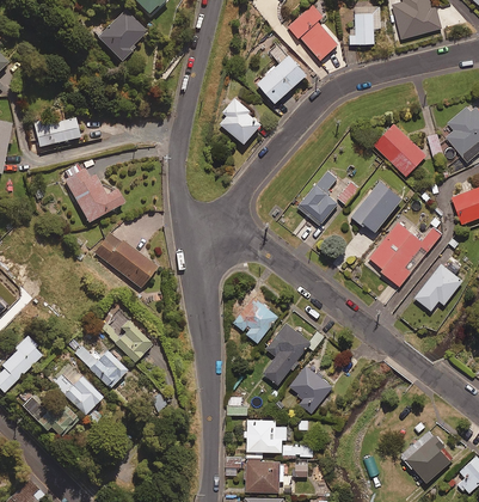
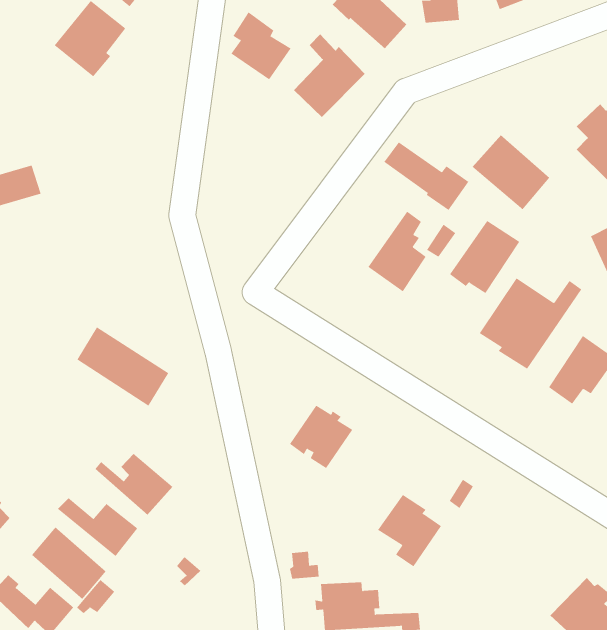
building: [220,96,262,143] -> [230,12,292,80]
building: none -> [384,141,469,211]
building: [59,164,124,224] -> none
building: [263,323,324,384] -> none

